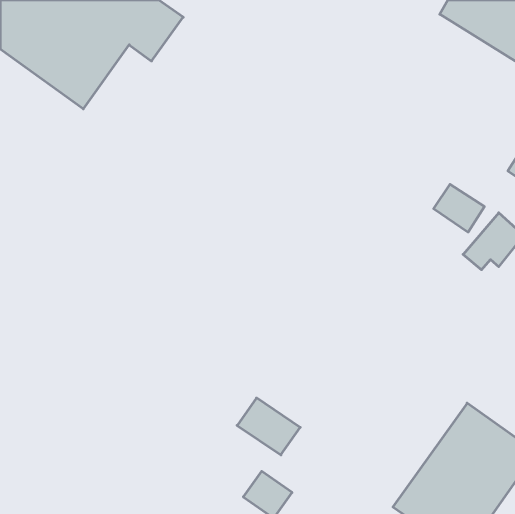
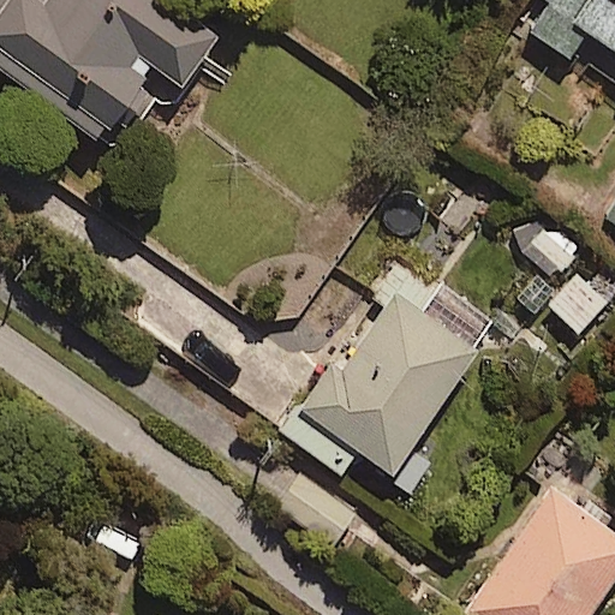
building: none -> [287,268,491,472]

